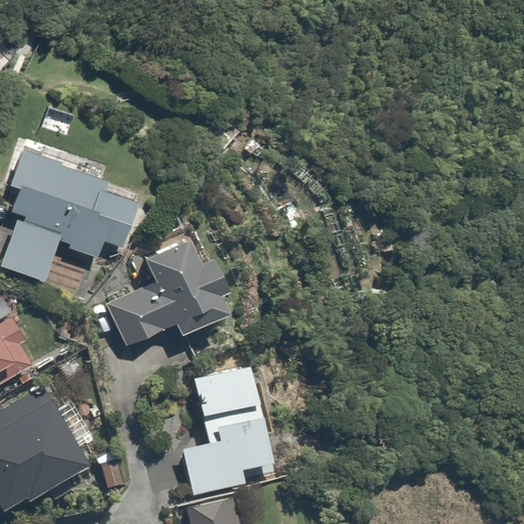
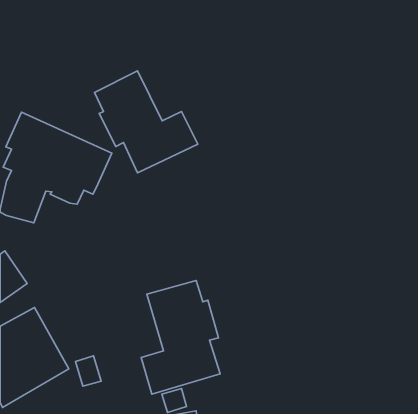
building: none -> [94,71,198,173]
building: [101,234,229,350] -> none

